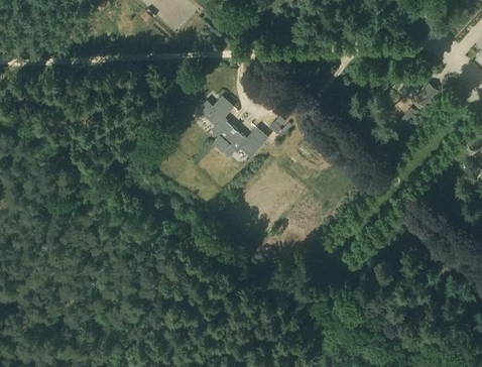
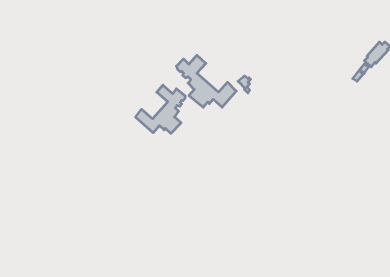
building: none -> [136,85,185,133]

